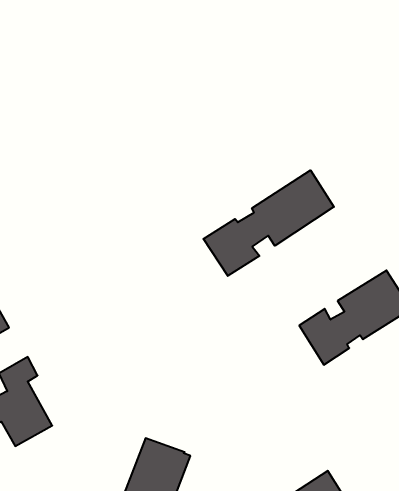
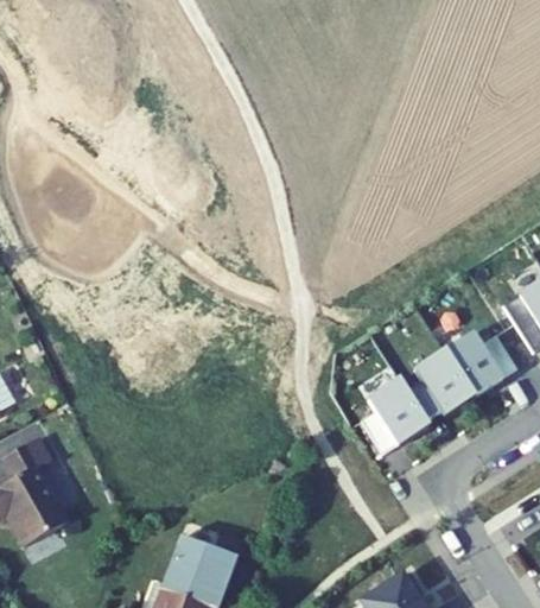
building: [203,170,334,276] -> none

